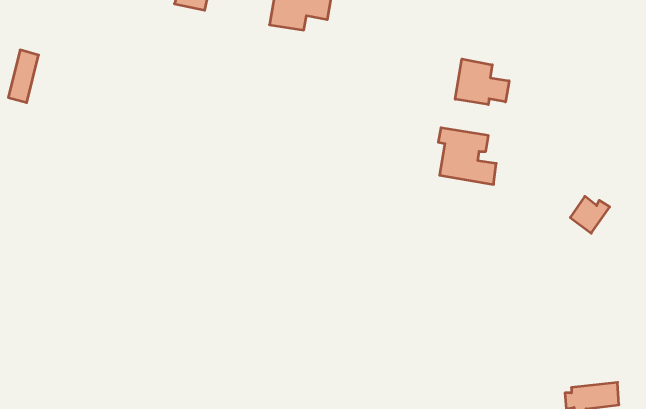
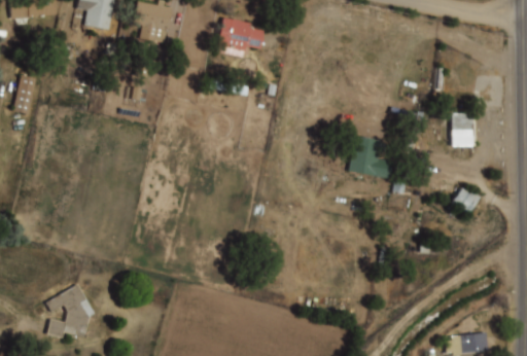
building: [455,59,509,105] -> none
building: none -> [449,114,477,146]
building: none -> [44,283,95,339]

